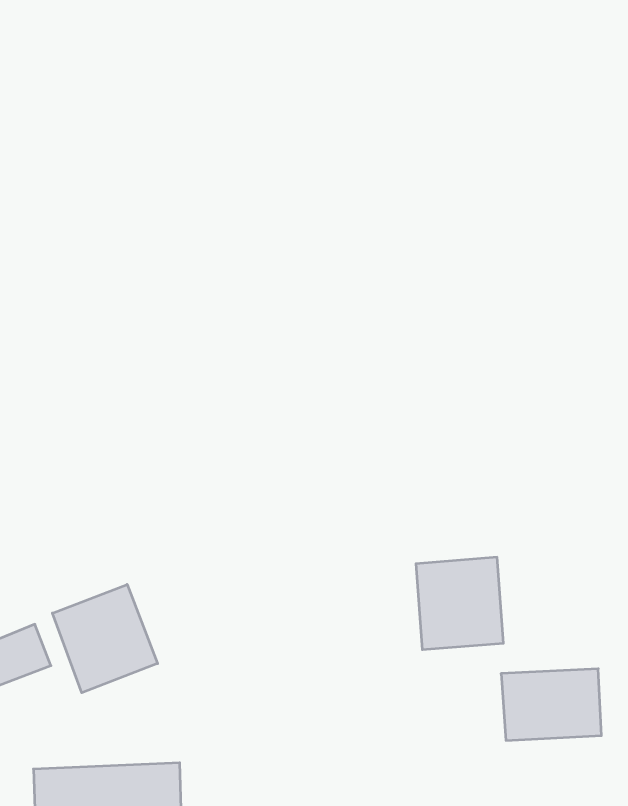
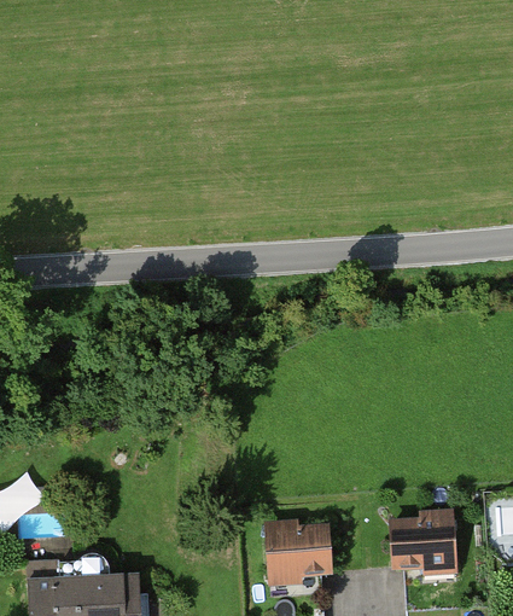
building: [416,557,503,650] -> [266,517,332,587]
building: [52,584,158,693] -> none

